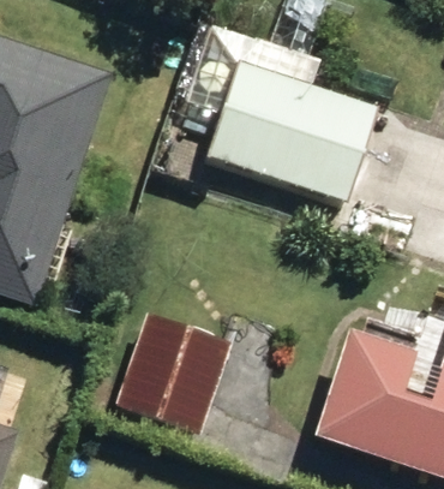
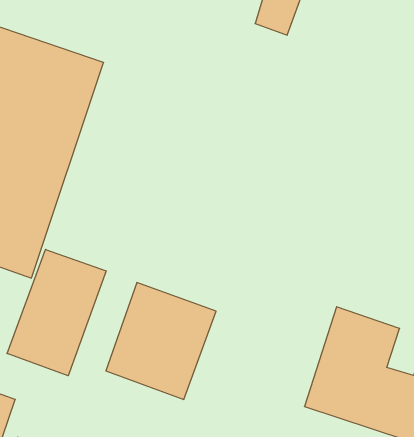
building: [208,58,377,198] -> none
building: none -> [7,249,106,376]

